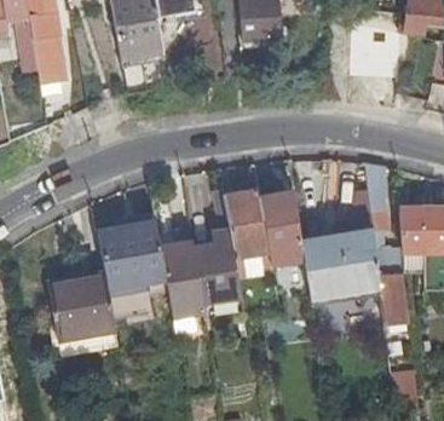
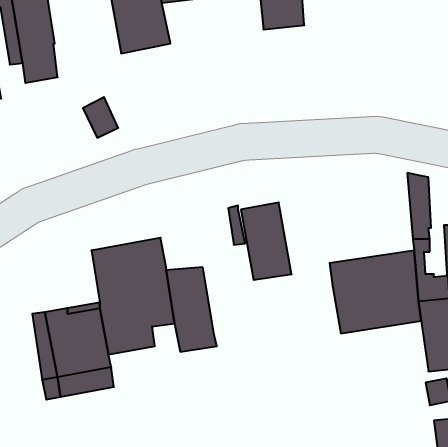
building: [258,189,302,264] -> none
building: [196,231,240,301] -> none

